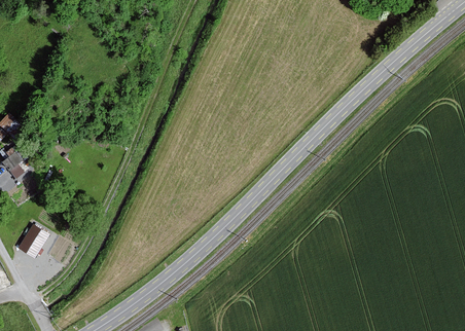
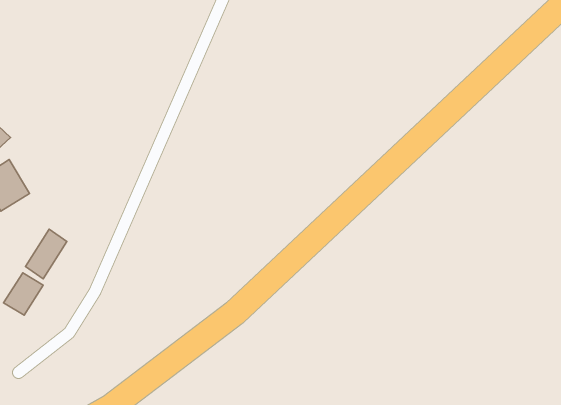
building: none -> [25,229,67,279]

